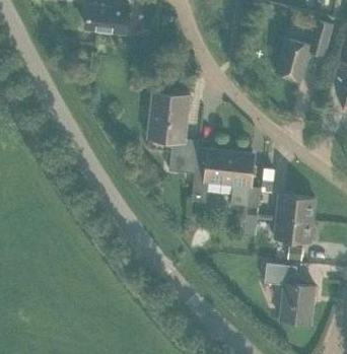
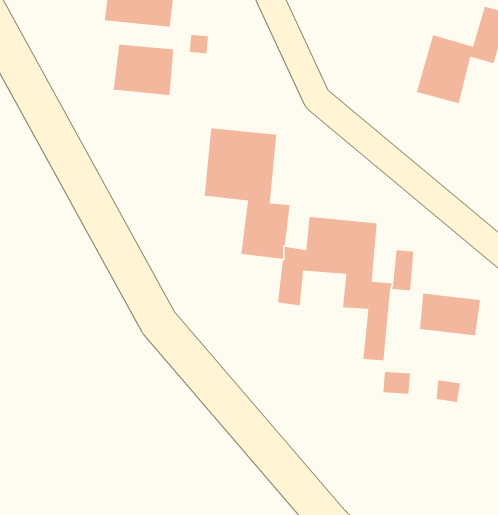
building: none -> [113,44,174,96]
building: [275,217,313,243] -> none
building: [265,264,316,324] -> none

